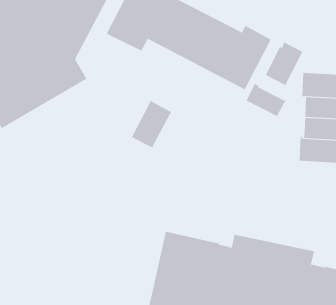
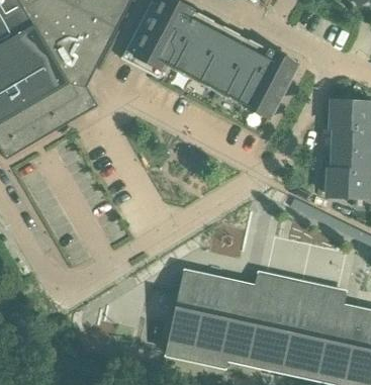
building: [265,41,303,86] -> none
building: [246,83,286,117] -> none
building: [131,100,172,148] -> none

